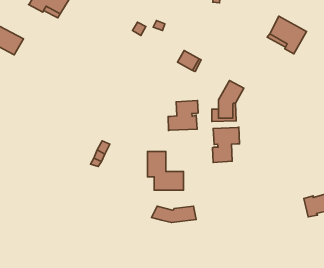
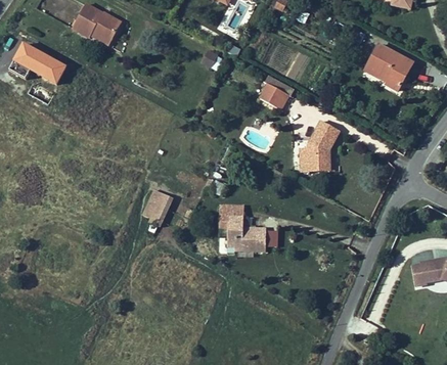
building: [168,101,198,131] -> none
building: [212,127,239,163] -> none
building: [152,206,196,223] -> none

